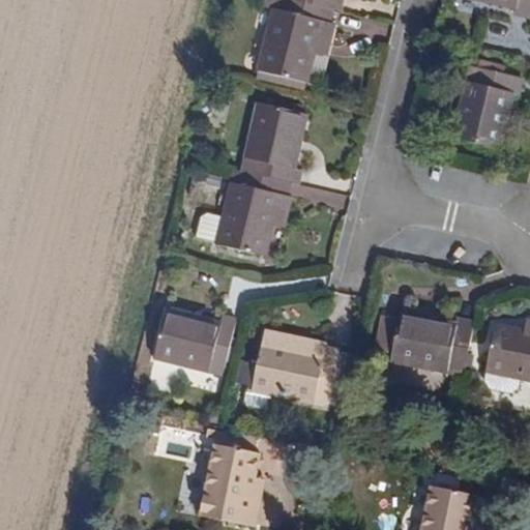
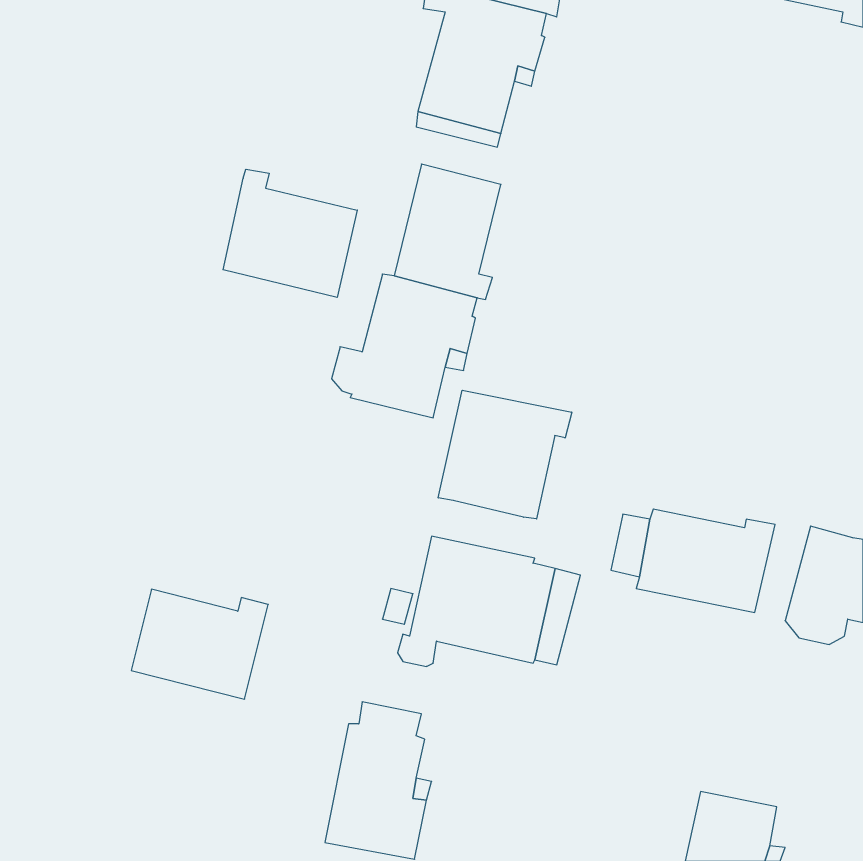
building: [451,64,522,149] -> none
building: none -> [223,169,357,297]
building: none -> [438,390,572,519]
building: [153,307,237,375] -> [131,589,268,699]

